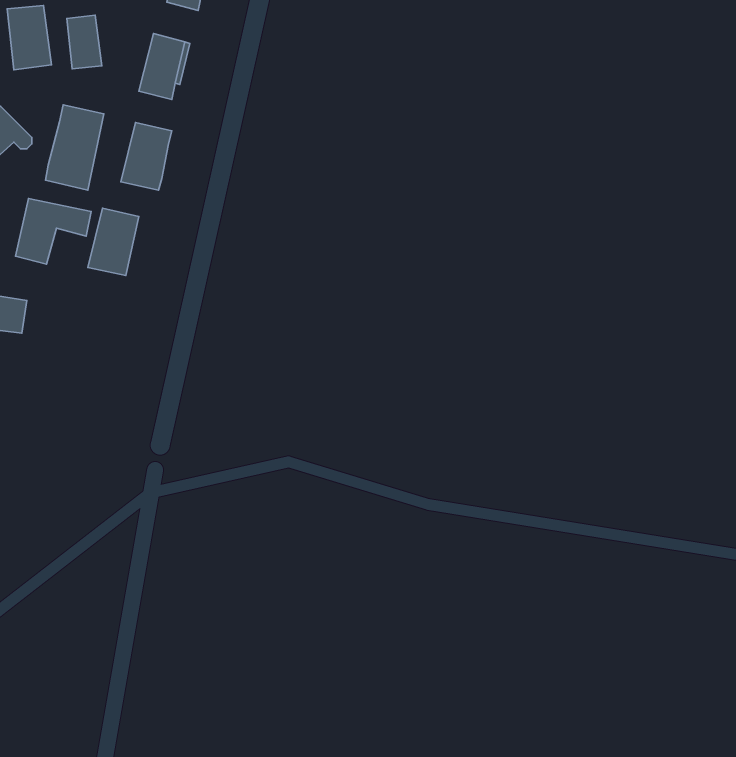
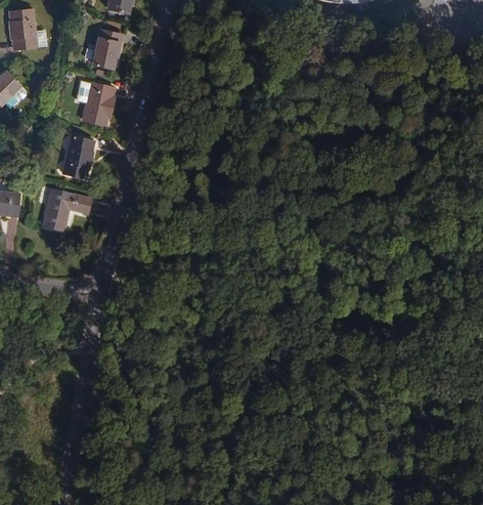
building: [67,15,102,69] -> none
building: [46,105,104,190] -> none
building: [15,198,91,264] -> [42,191,89,232]

